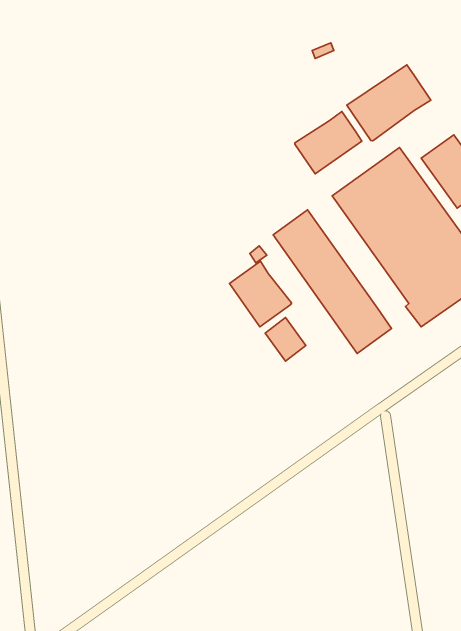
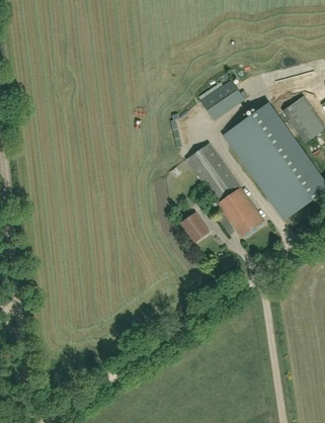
building: [347,65,431,141] -> none
building: [230,261,291,327] -> none

